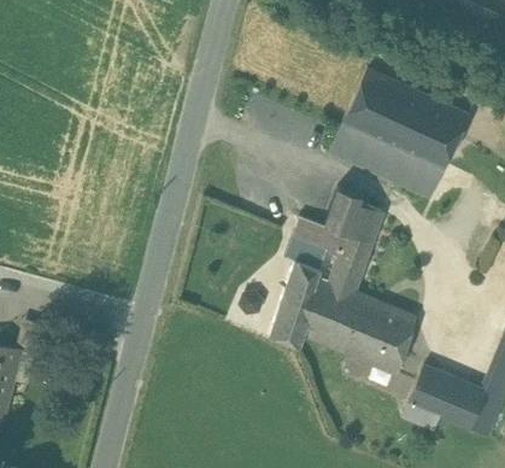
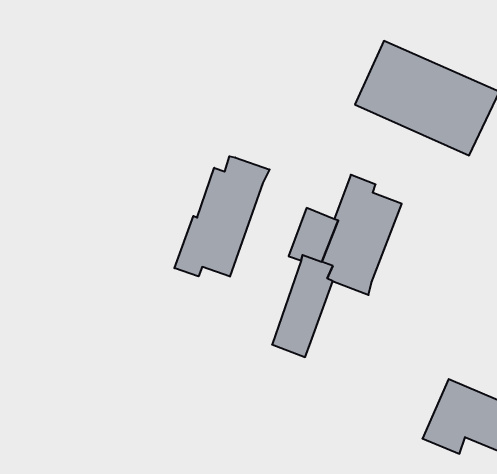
building: [329,127,442,200] -> none
building: none -> [174,156,270,277]
building: [304,281,415,374] -> none

